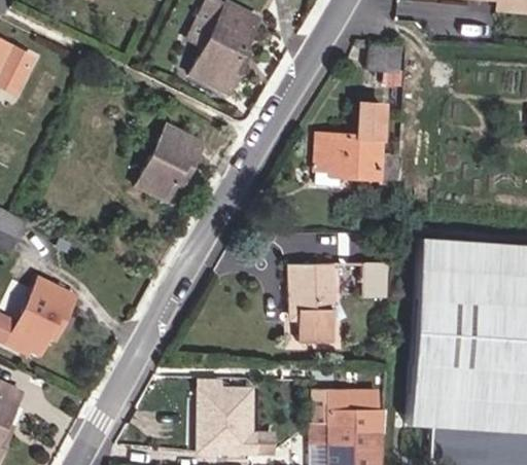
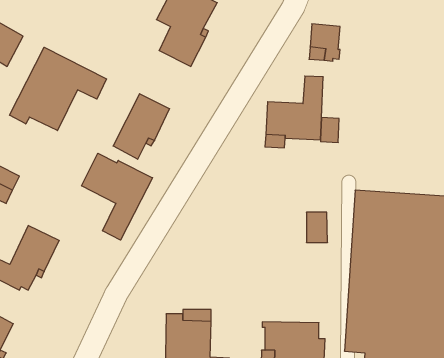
building: none -> [10,47,106,131]
building: none -> [82,153,153,240]
building: [288,263,333,343] -> none

